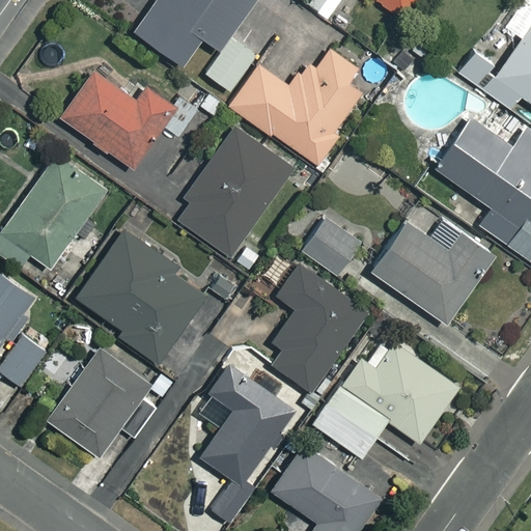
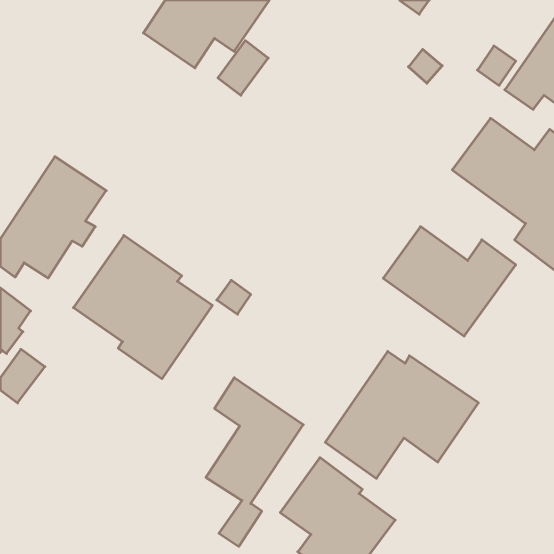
building: [231,50,360,165] -> none
building: [59,68,194,168] -> none
building: [173,128,294,256] -> none
building: [300,218,359,275] -> none
building: [274,264,368,392] -> none
building: [49,351,160,457] -> none

